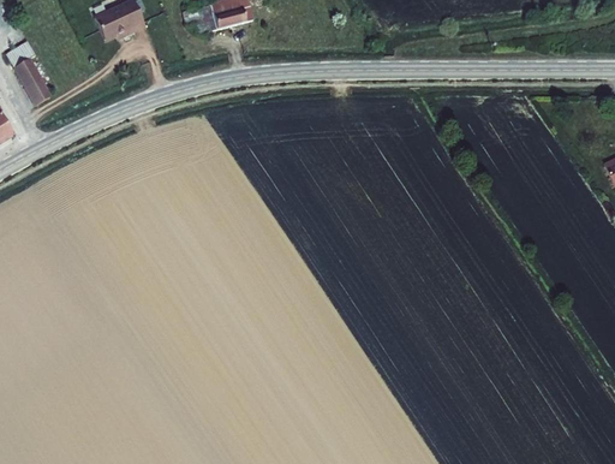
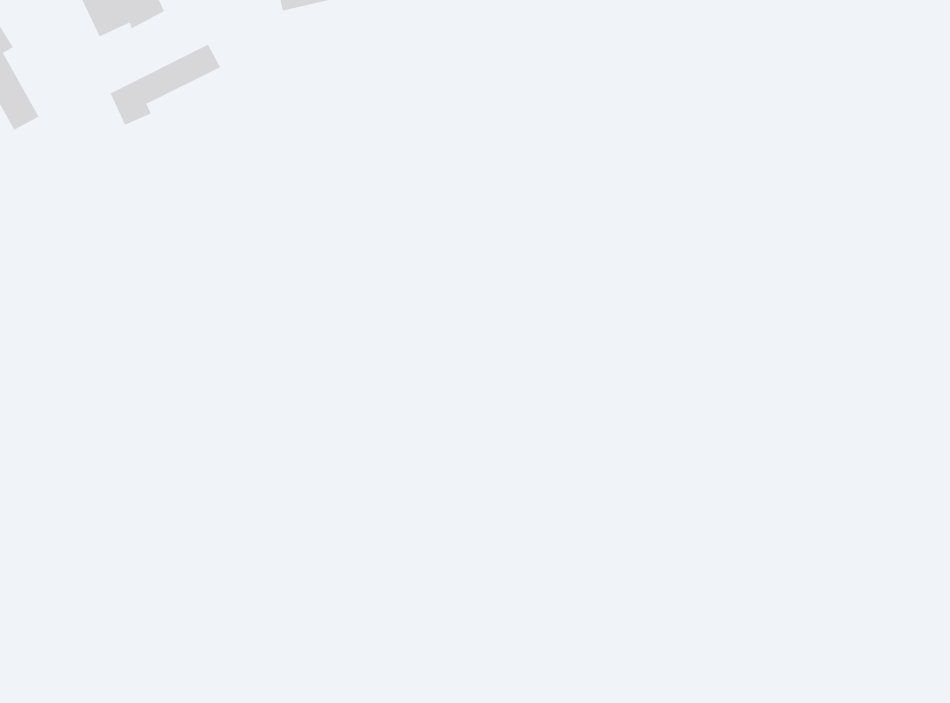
building: none -> [110,44,221,126]

